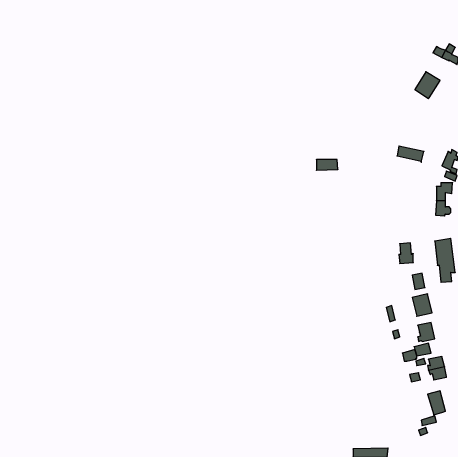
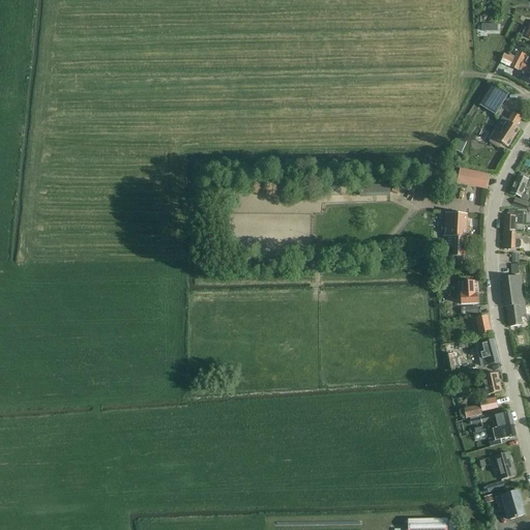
building: none -> [491,116,519,146]
building: none -> [444,213,467,257]
building: none -> [495,491,525,519]

